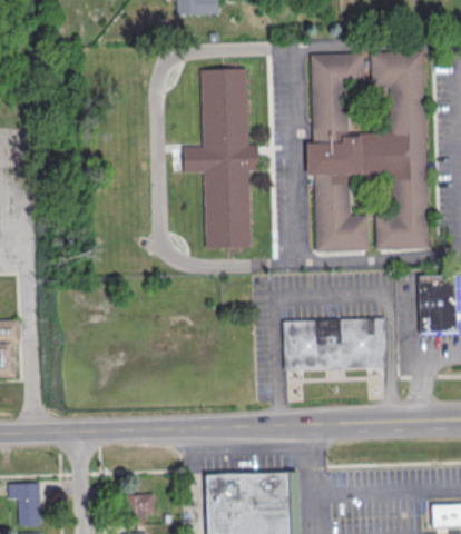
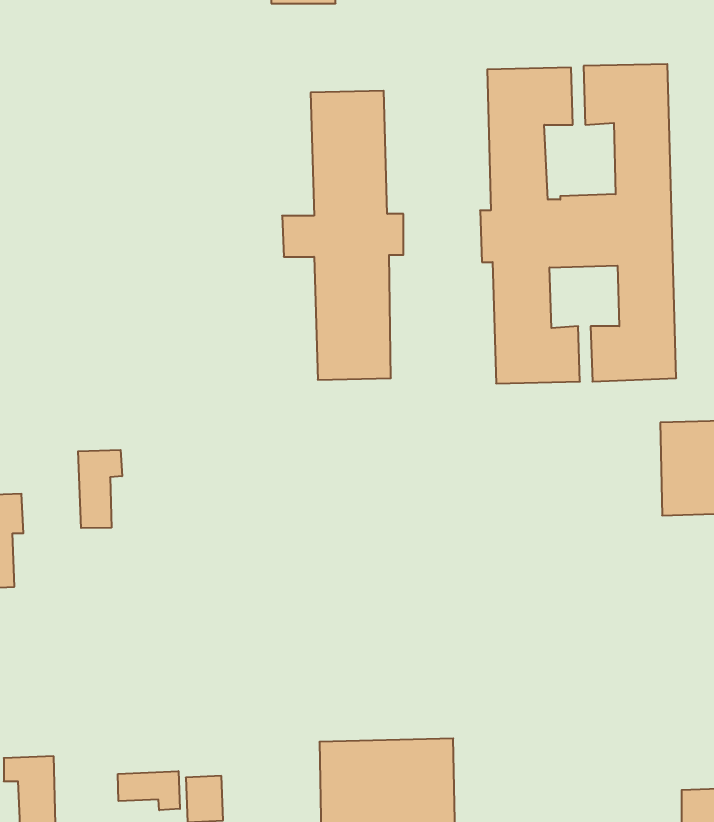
building: none -> [78,450,122,528]
building: [283,317,385,368] -> none
building: none -> [118,771,180,810]

